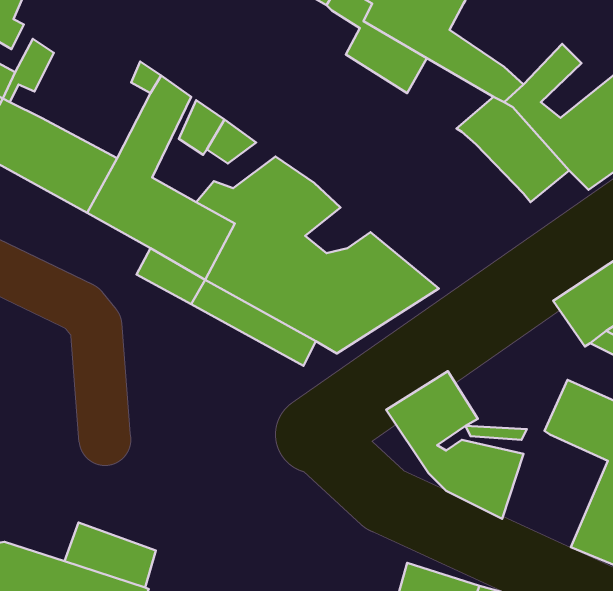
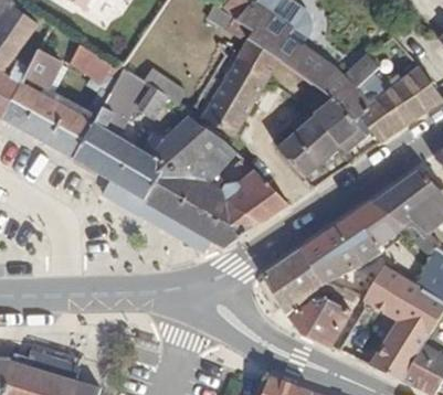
building: none -> [199,57,273,140]
building: none -> [278,106,346,175]
building: none -> [298,212,384,286]

